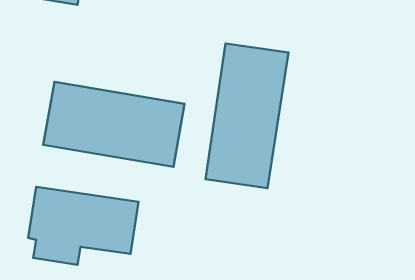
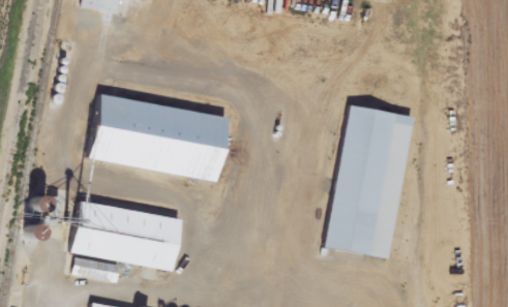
building: [205,43,289,188] -> [326,108,412,257]

